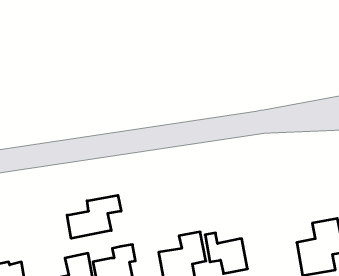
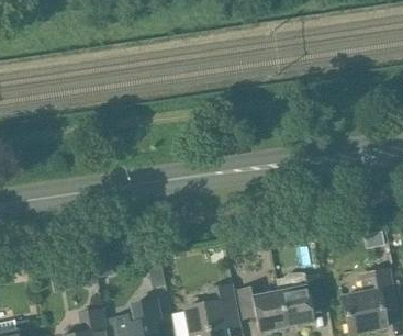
building: [67,195,121,238] -> none
building: none -> [275,273,322,326]

